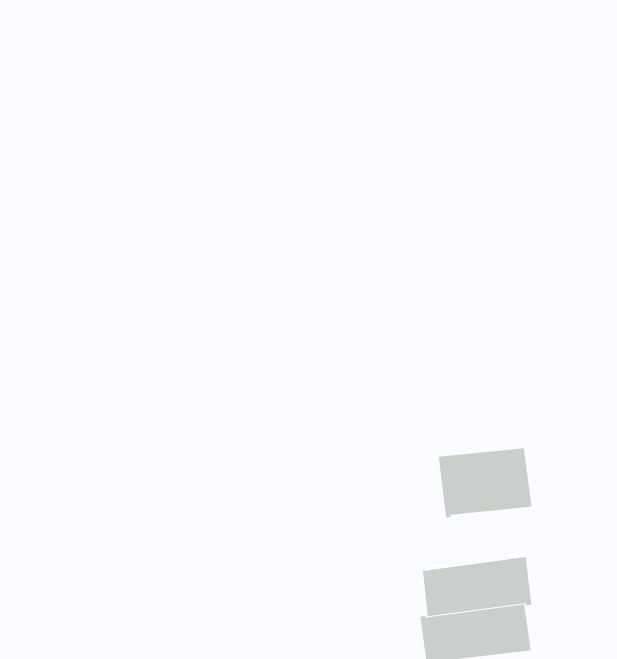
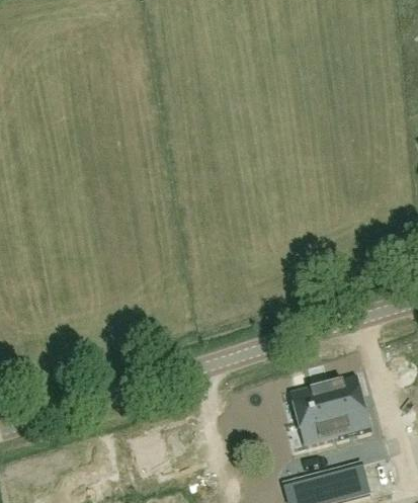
building: [438,448,533,519] -> none

